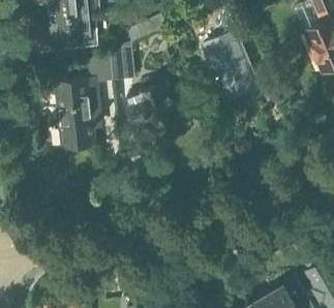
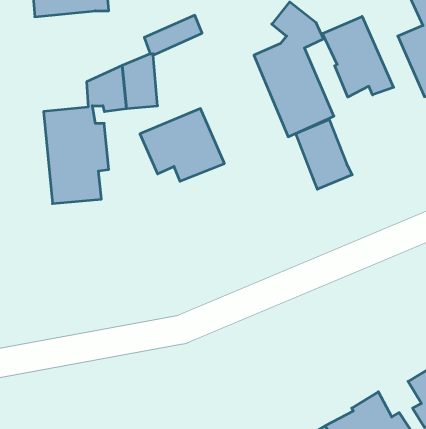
building: [48,14,93,43] -> none
building: none -> [322,16,394,97]
building: none -> [296,119,352,189]

